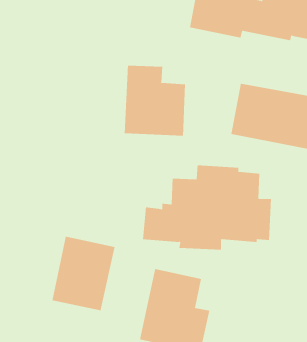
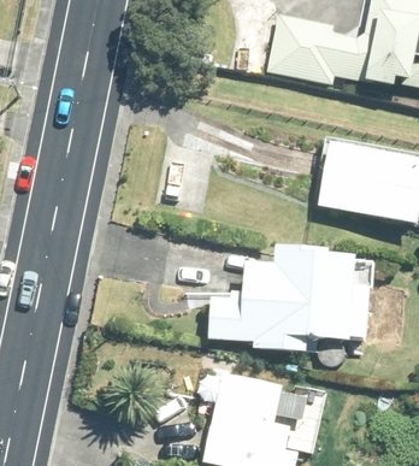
building: [124,65,186,137] -> none
building: [52,236,115,311] -> none

